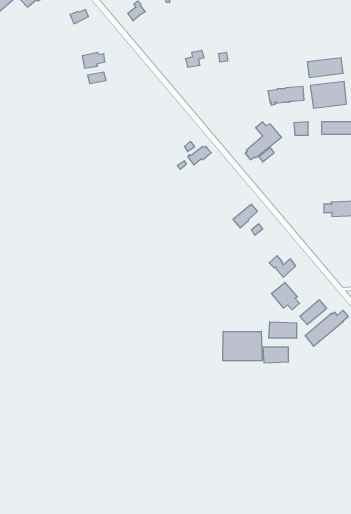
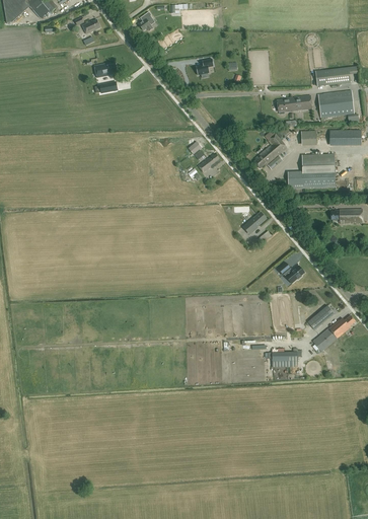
building: none -> [288,154,336,188]
building: [271,282,300,310] -> none
building: [269,322,296,338] -> none
building: [223,331,262,361] -> none

